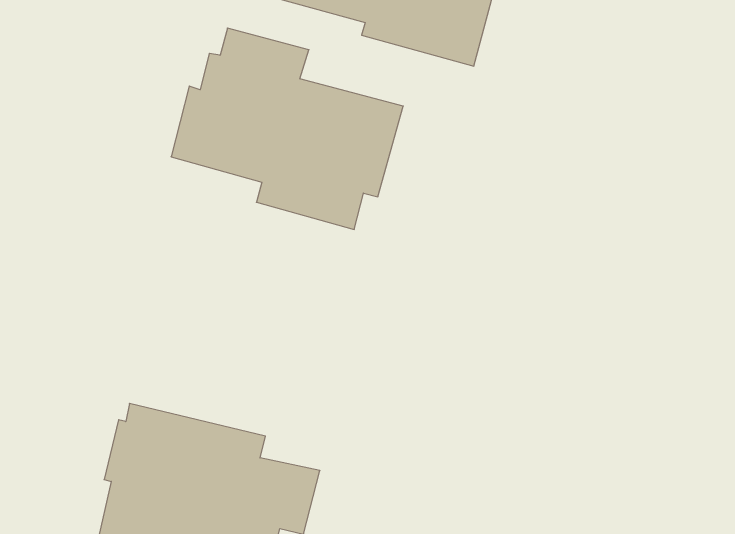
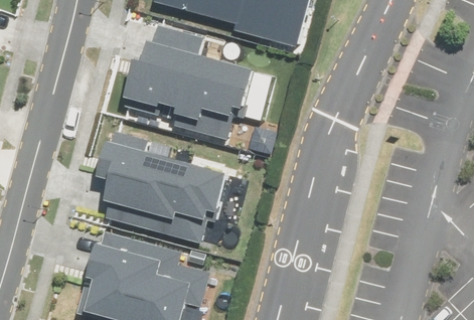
building: none -> [98,132,227,243]

